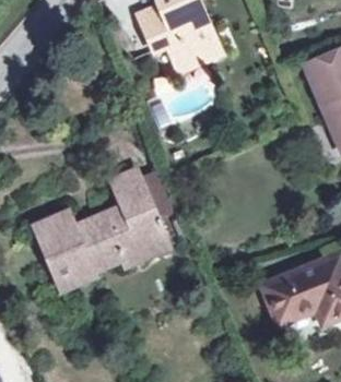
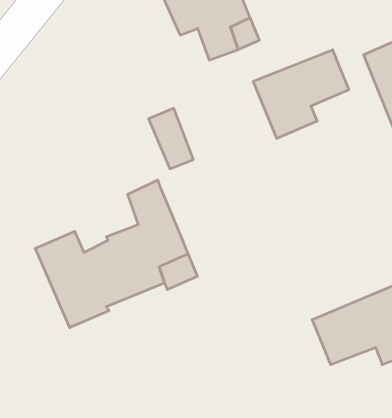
building: none -> [253,50,349,139]
building: [138,170,175,220] -> [149,108,193,169]

